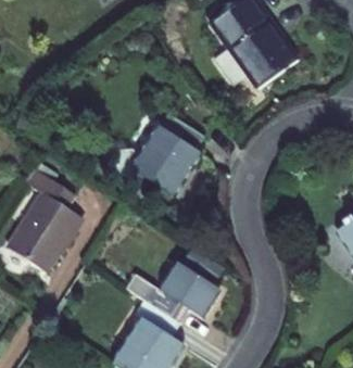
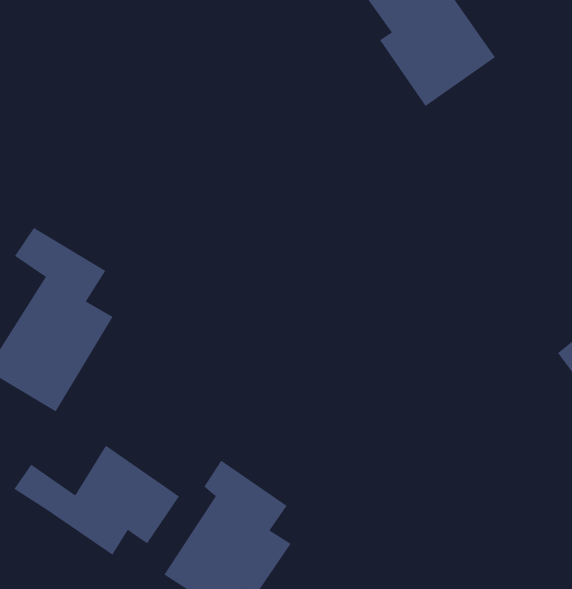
building: [133,104,203,187] -> none
building: [122,256,216,319] -> [14,445,180,556]

